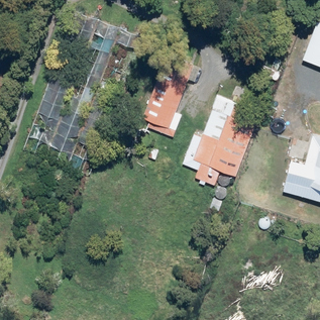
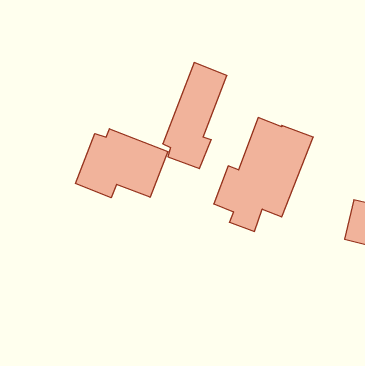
building: none -> [76,129,168,198]

